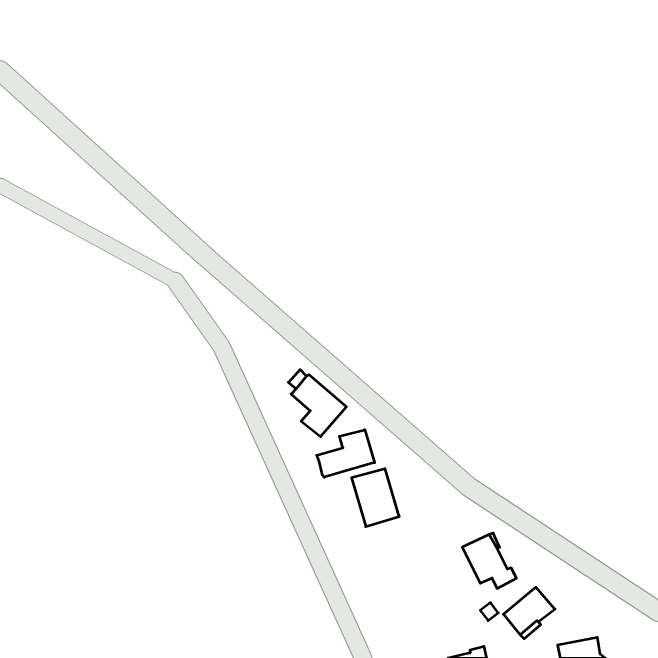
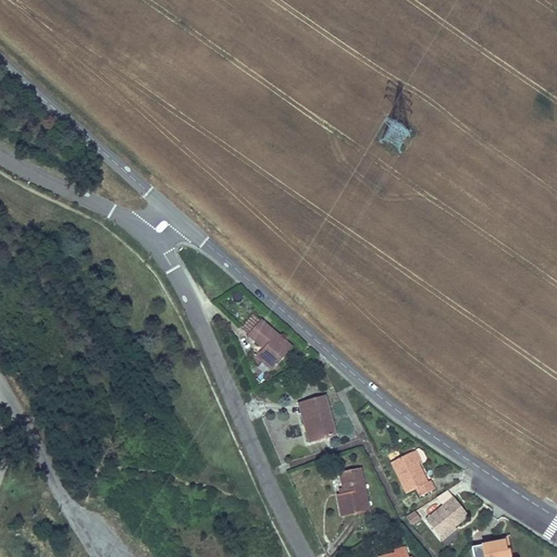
building: [317,430,375,477] -> none
building: none -> [336,467,371,517]

